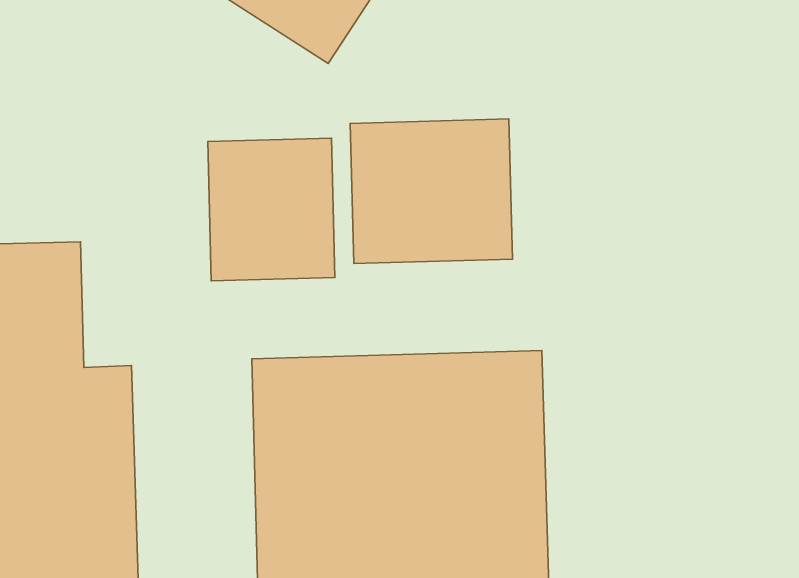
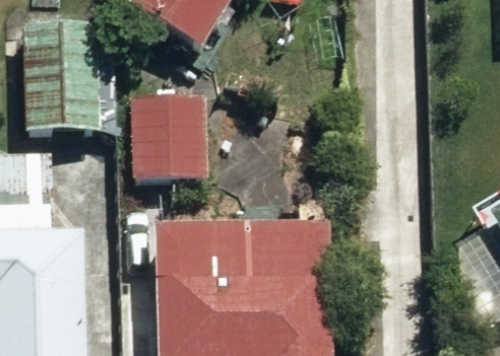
building: none -> [20,18,100,129]
building: [350,119,512,264] -> none

